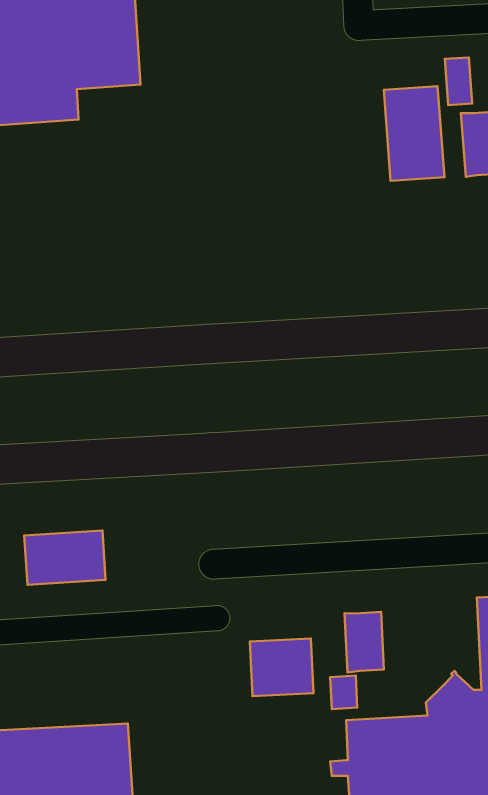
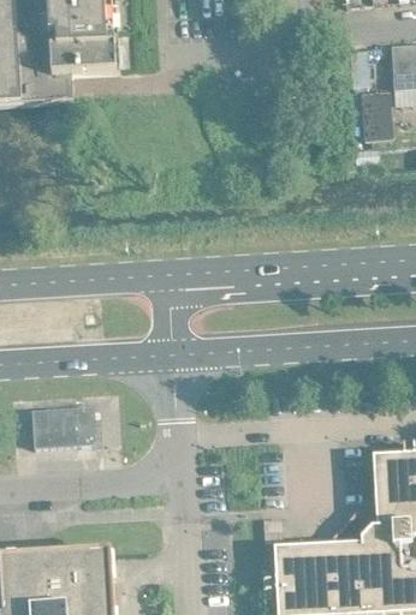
building: [384,86,444,181] -> none
building: [344,612,384,672] -> none
building: [250,639,313,696] -> none

